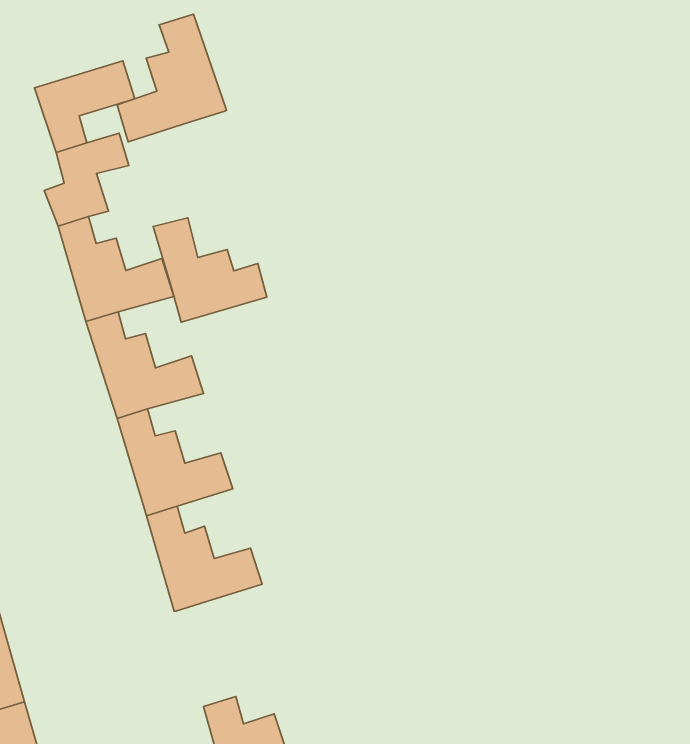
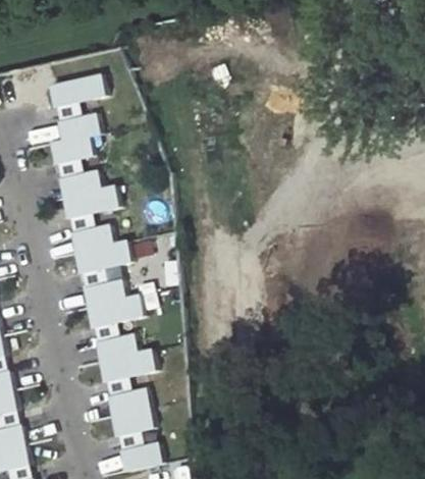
building: [117,14,226,142] -> none
building: [153,218,267,322] -> none
building: none -> [106,377,153,436]

